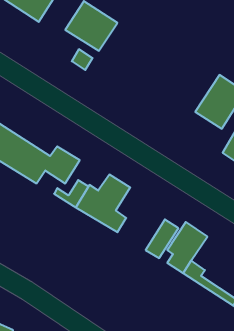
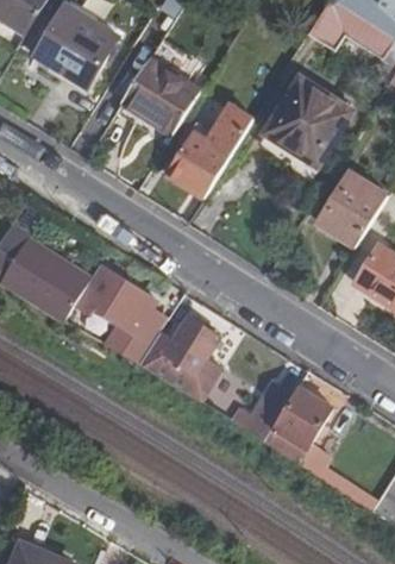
building: none -> [265,79,350,164]
building: none -> [170,102,252,193]

